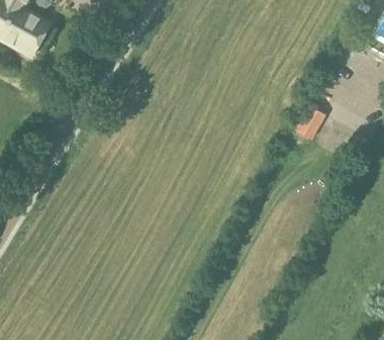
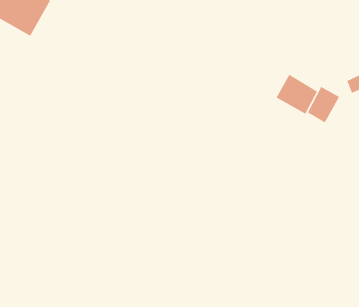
building: none -> [276,74,318,114]

